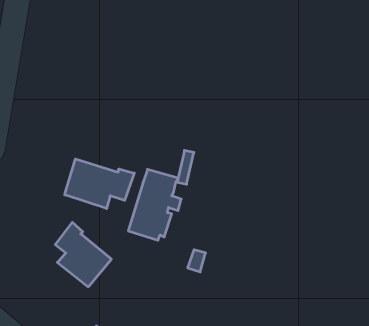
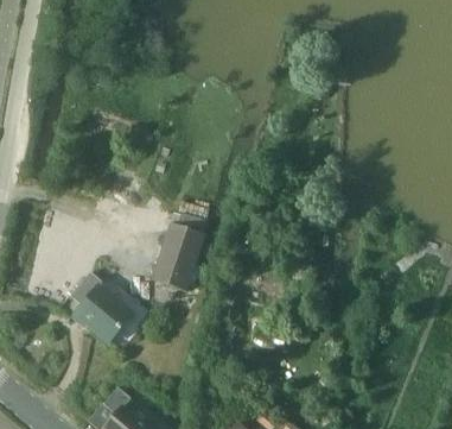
building: [65,159,134,209] -> none

